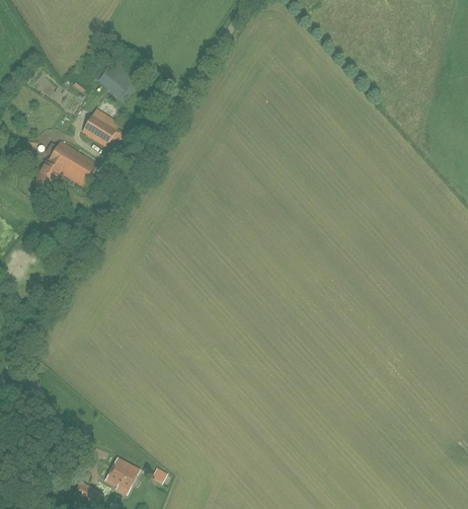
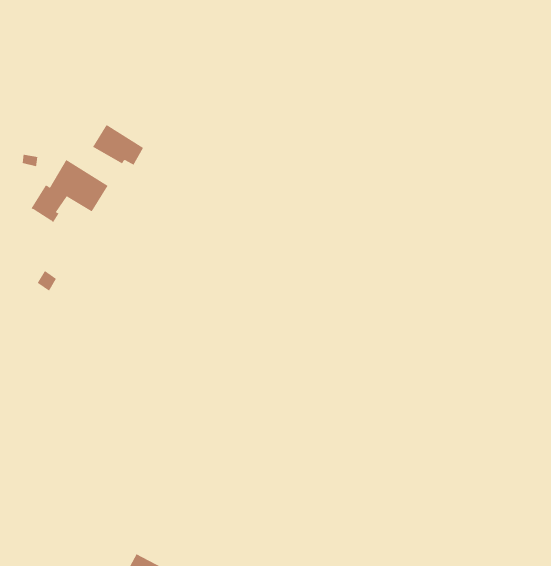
building: [98,62,134,97] -> none

